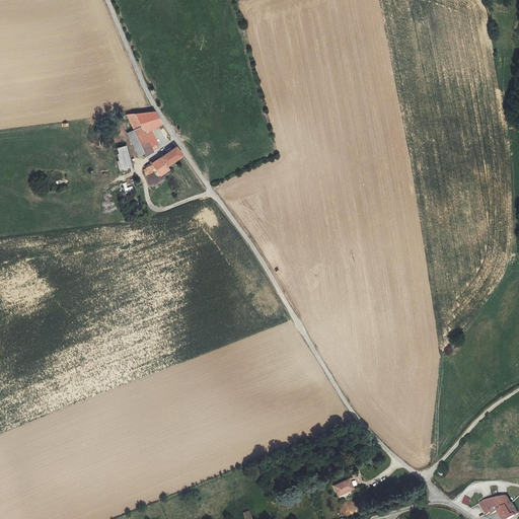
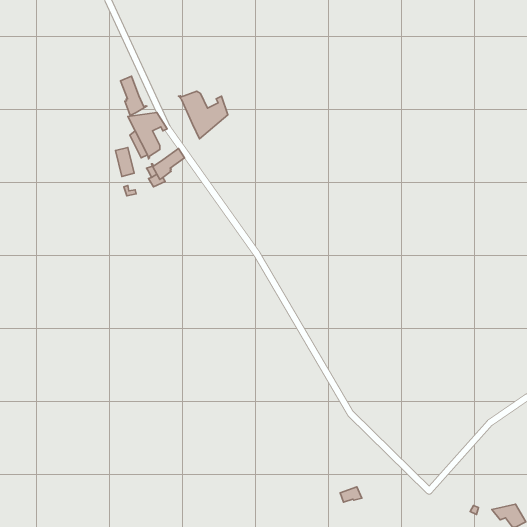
building: none -> [120,76,147,115]
building: none -> [179,91,228,139]

